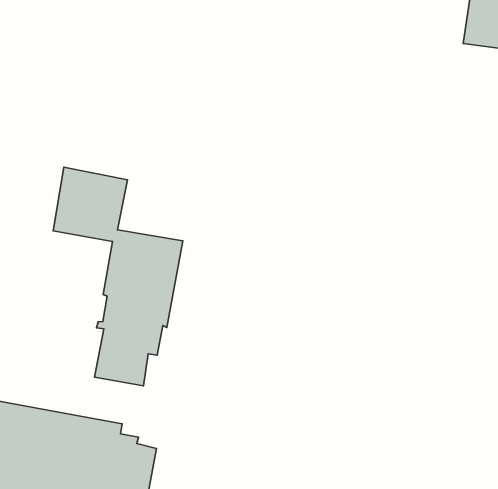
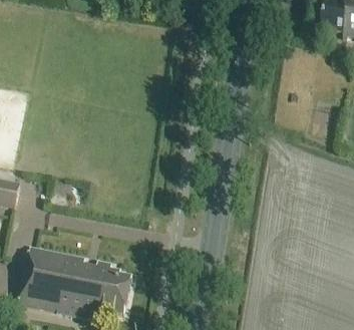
building: [53,167,183,386] -> none

